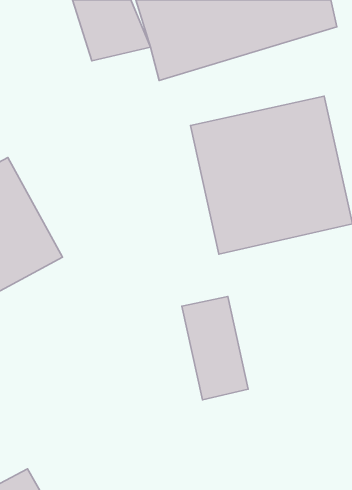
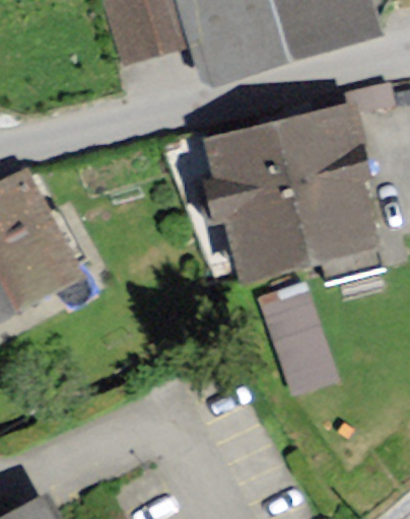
building: [182,296,248,400] -> [264,291,333,398]

